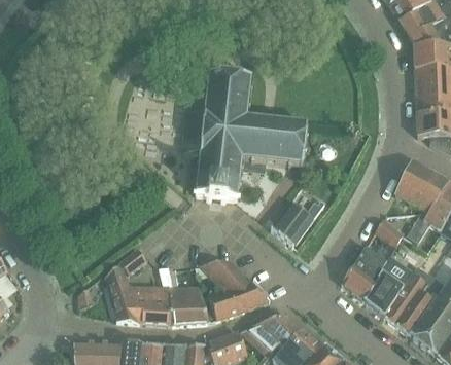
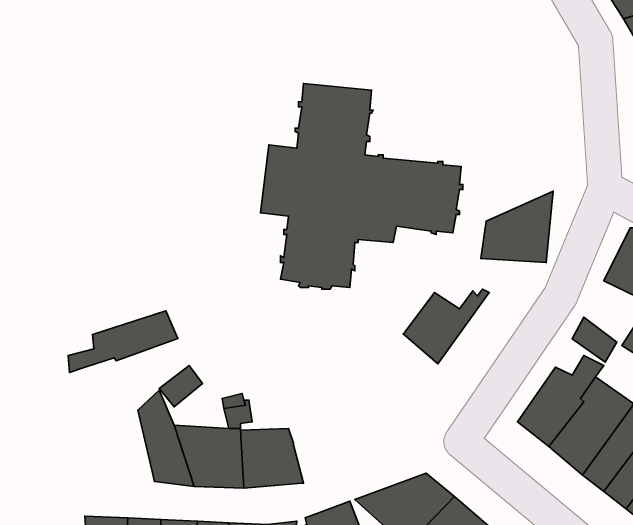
building: none -> [481,191,553,262]
building: none -> [68,311,178,372]
building: [195,259,269,320] -> none

